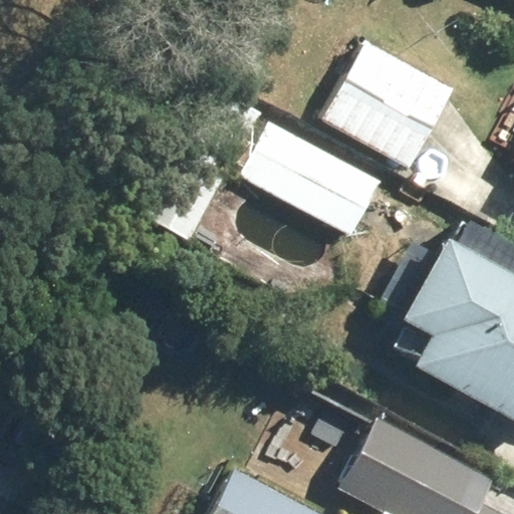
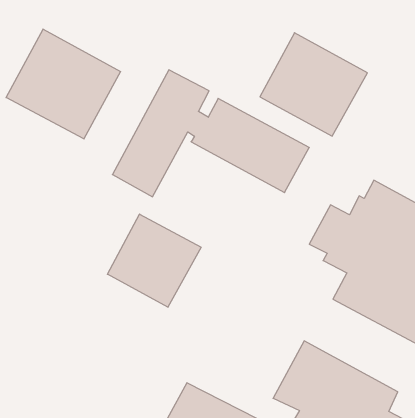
building: none -> [6,29,121,139]
building: none -> [107,214,201,307]

